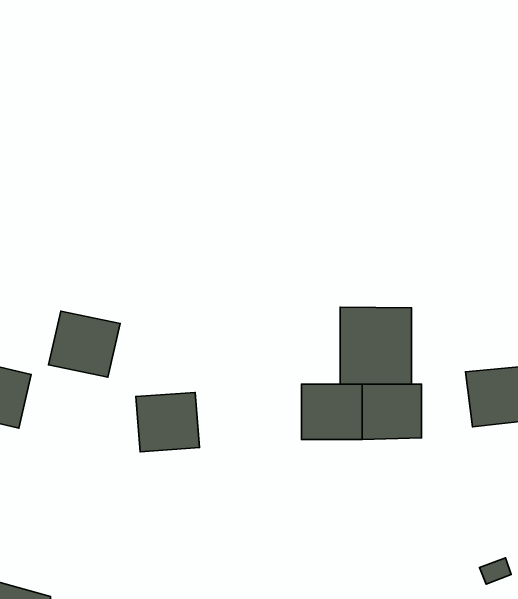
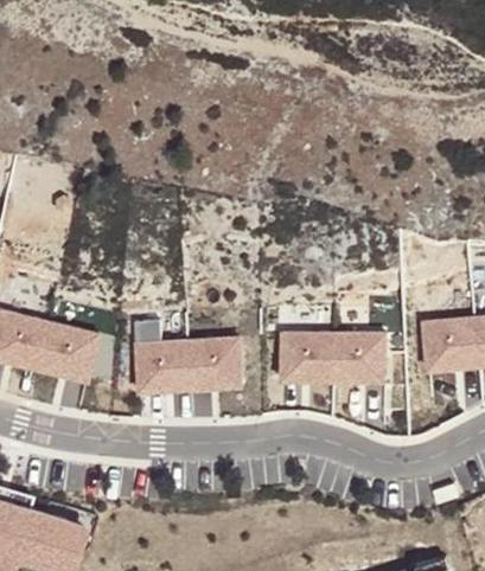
building: [340,307,411,384] -> none
building: [48,311,120,377] -> [36,325,97,381]
building: none -> [187,335,243,387]

